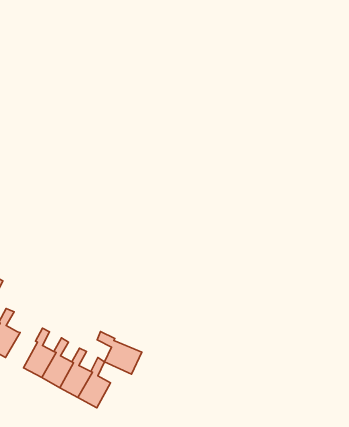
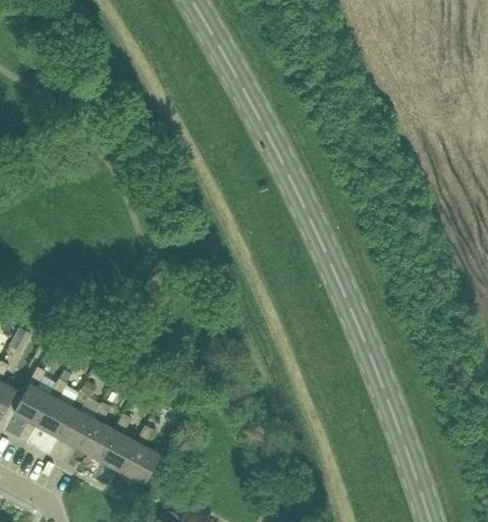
building: none -> [34,379,71,438]
building: [97,331,142,374] -> none

